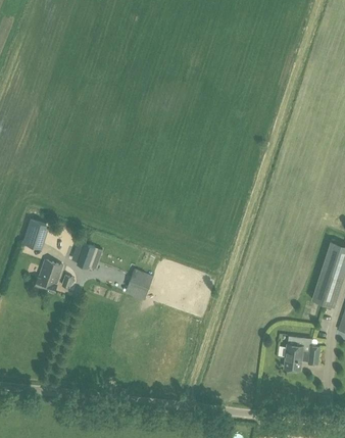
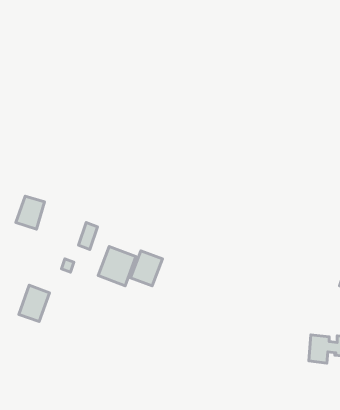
building: [36,260,63,293] -> [19,285,50,321]
building: none -> [98,246,136,286]

